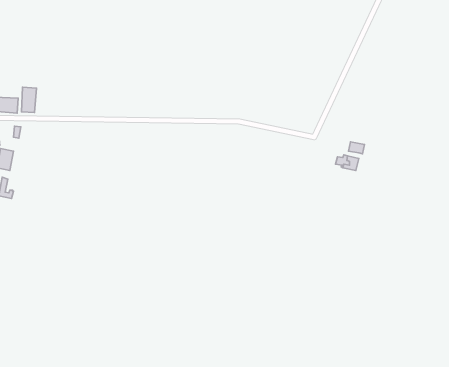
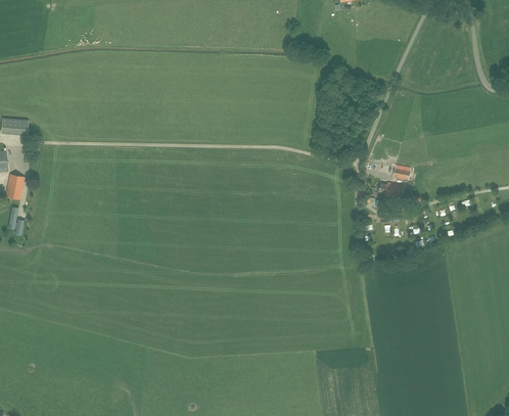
building: [21,87,37,113] -> none

